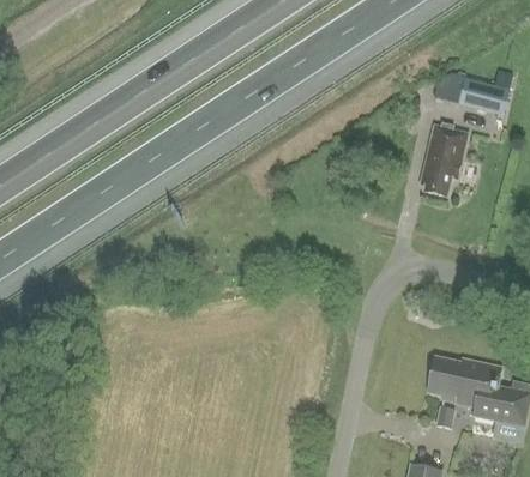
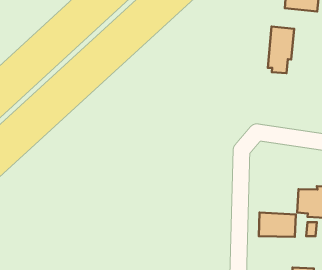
building: none -> [259,213,296,237]

